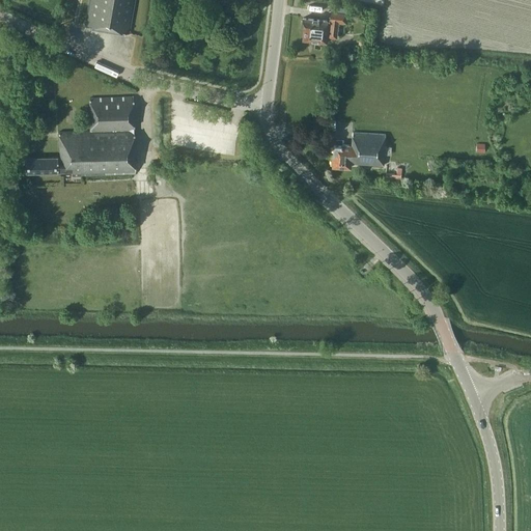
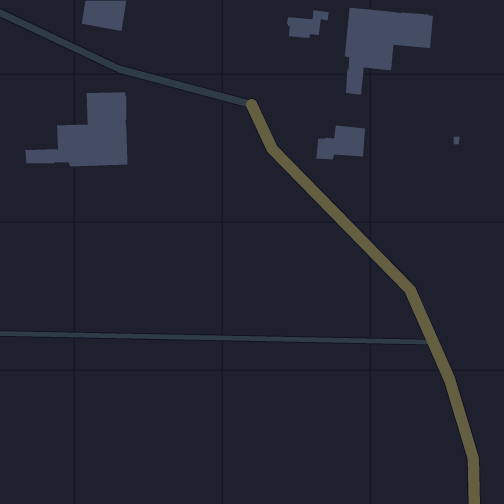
building: none -> [344,7,433,96]

